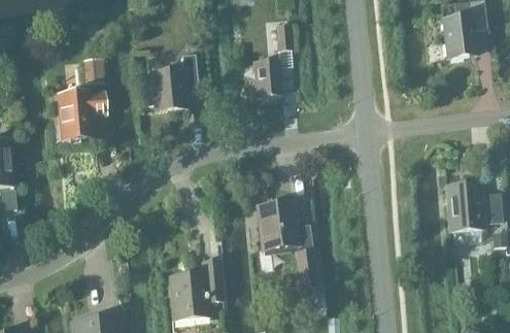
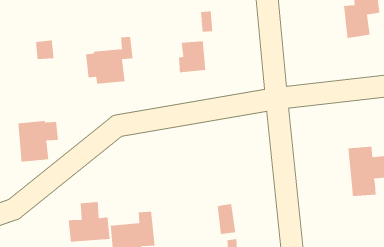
building: [57,90,105,139] -> [17,120,59,162]
building: [257,201,298,253] -> none
building: none -> [68,201,111,243]

